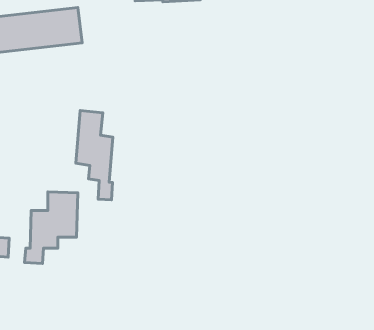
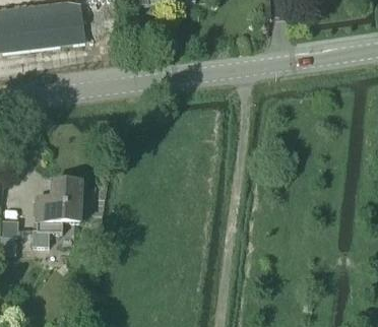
building: [76,110,113,200] -> none

